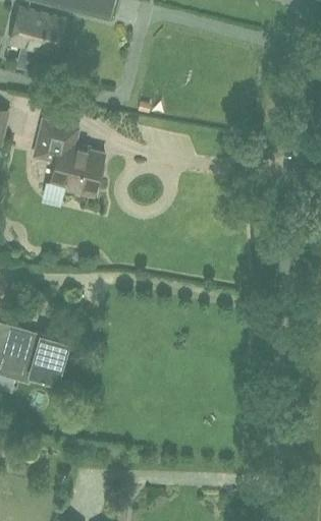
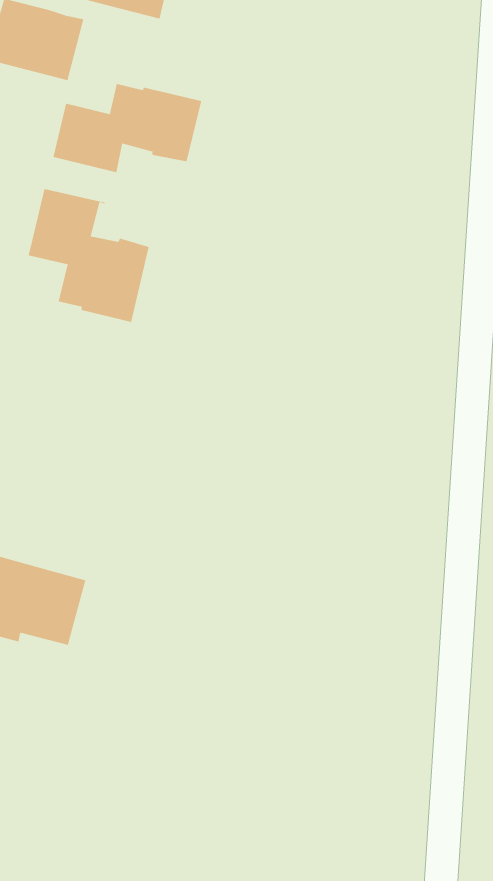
building: none -> [53,83,202,174]

